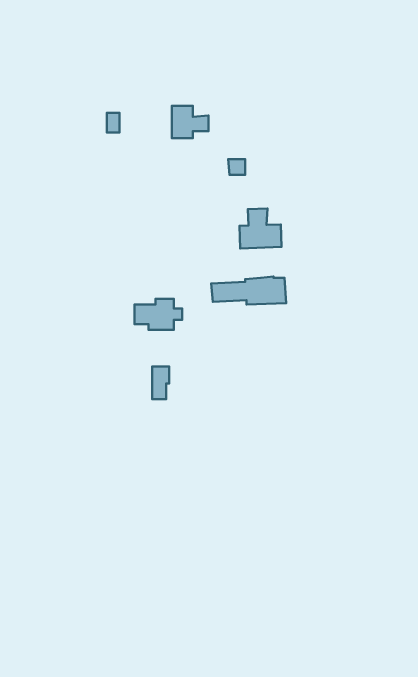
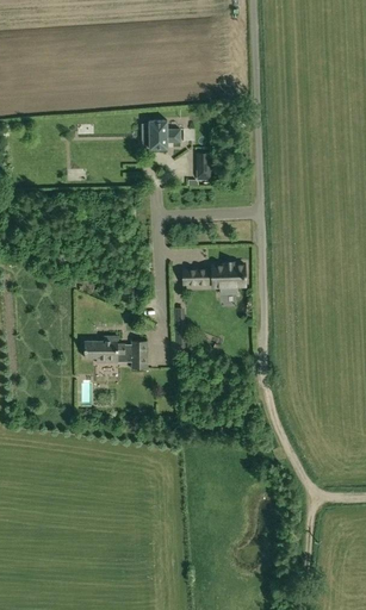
building: [239,208,282,248] -> none
building: [134,299,182,330] -> [82,336,123,362]

